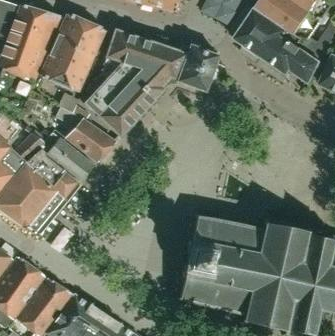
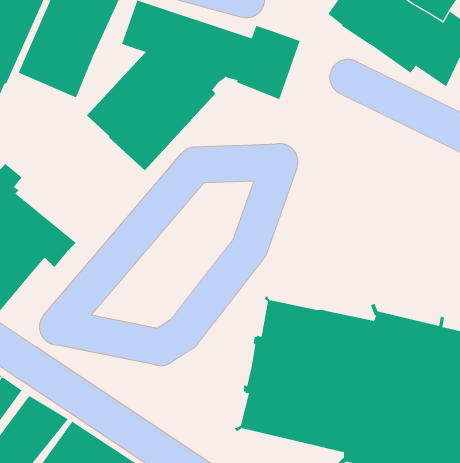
building: [54,107,115,162] -> none
building: [37,132,93,183] -> none

